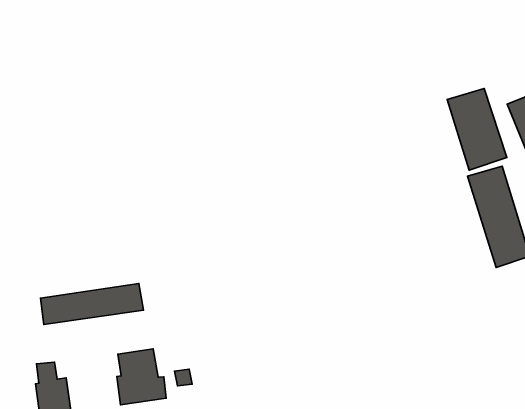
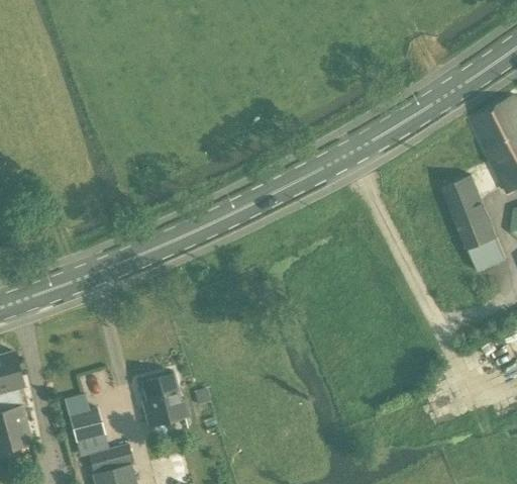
building: [447,88,507,170] -> none
building: [40,284,144,325] -> none

